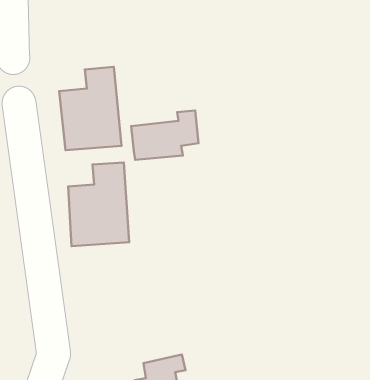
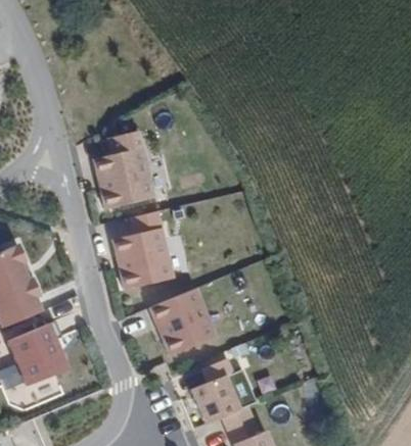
building: [131,111,198,160] -> none
building: none -> [150,289,215,354]

